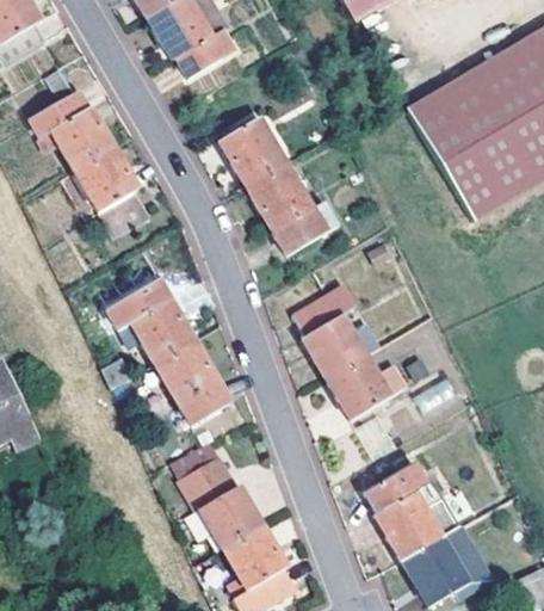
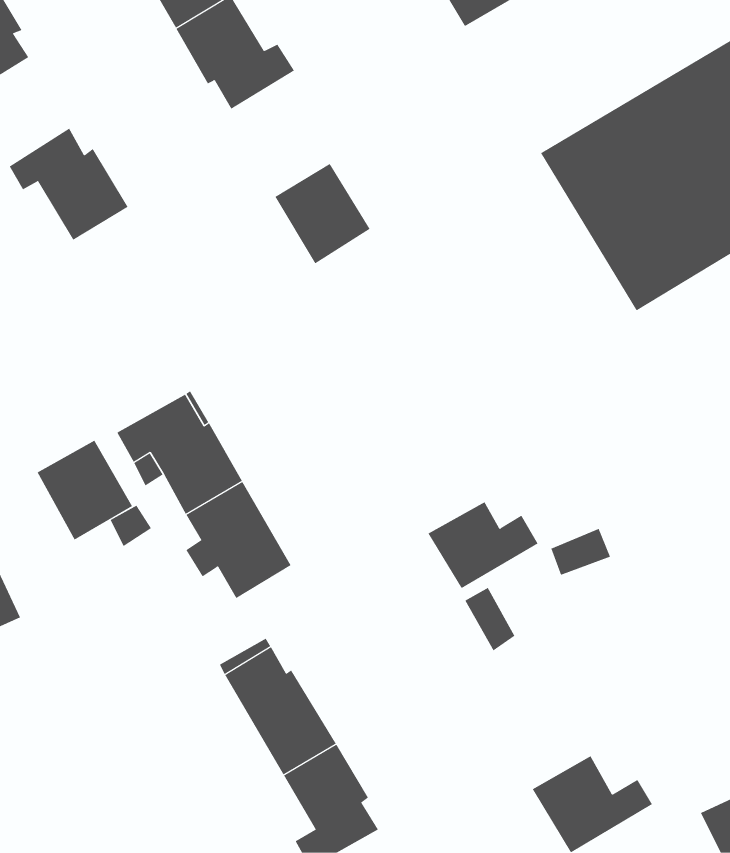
building: [75,147,149,237] -> none
building: [247,162,338,255] -> none
building: [291,283,383,378] -> none
building: none -> [37,440,133,540]
building: [365,464,443,560] -> none

